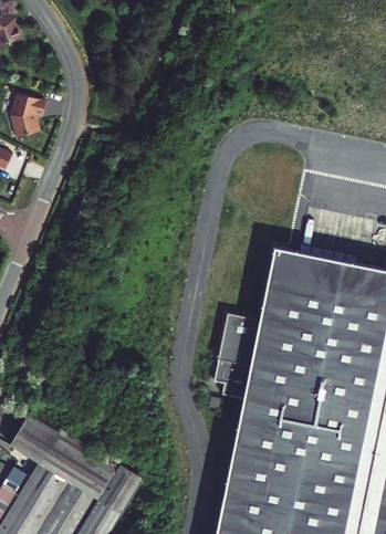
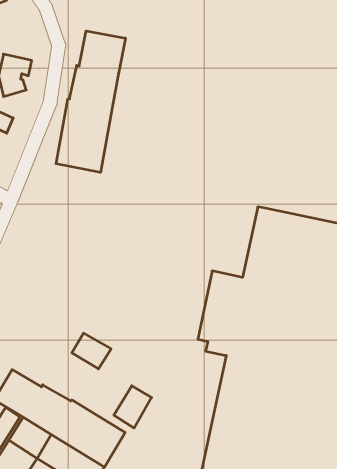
building: none -> [56,31,125,172]
building: none -> [72,333,111,369]
building: none -> [114,386,152,428]

